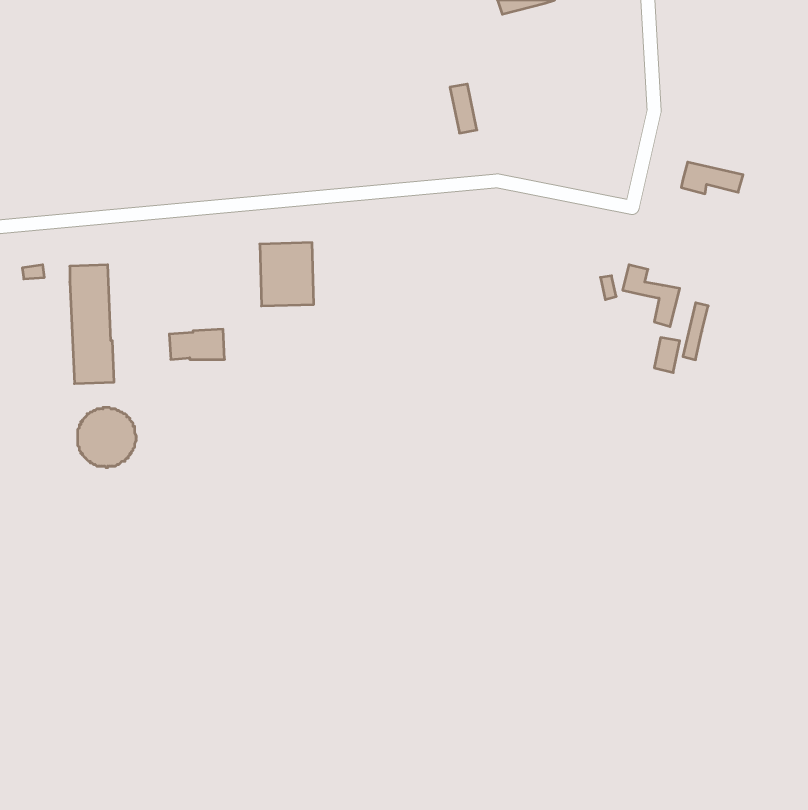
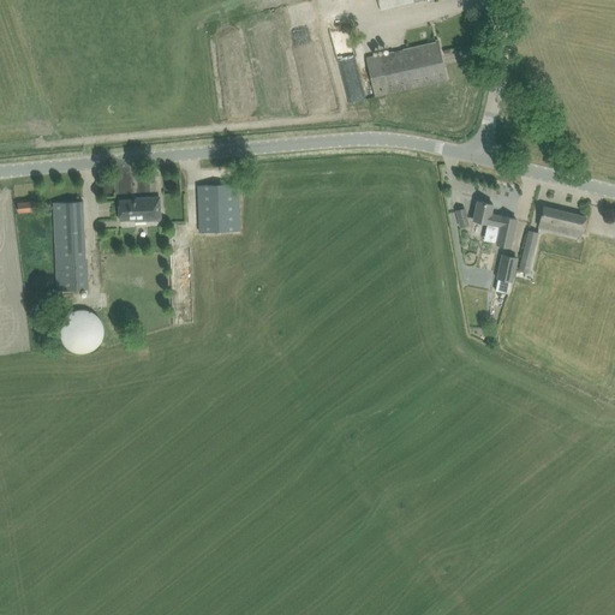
building: none -> [365,42,446,96]
building: [681,162,743,194] -> [538,207,585,231]
building: [169,329,225,359] -> [118,197,160,220]

